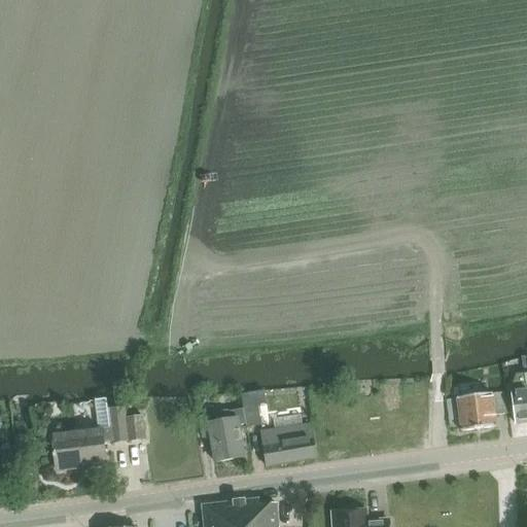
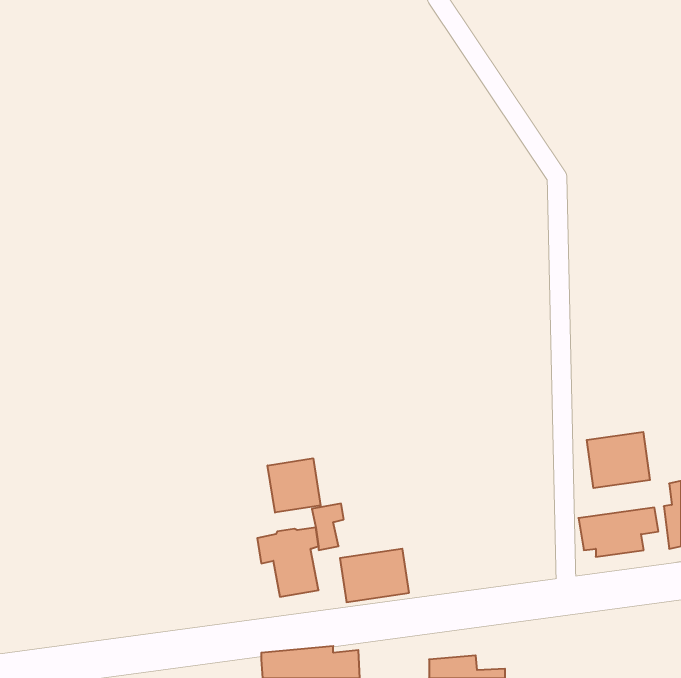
building: none -> [587,432,650,488]
building: none -> [268,458,321,513]
building: [52,397,146,467] -> none

